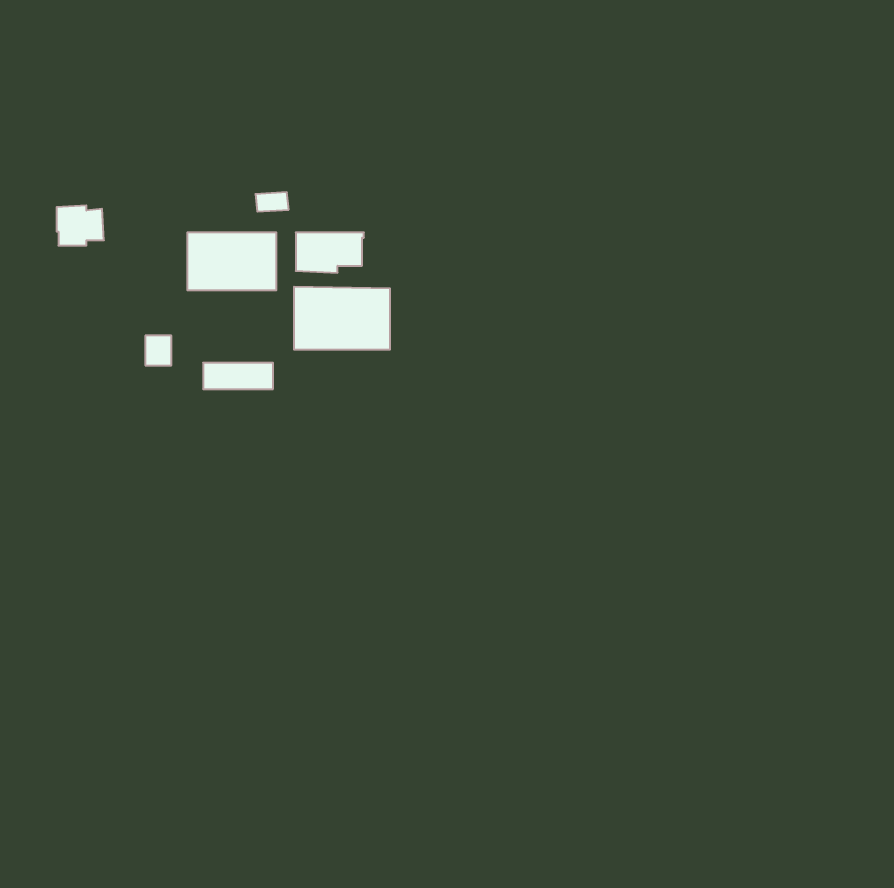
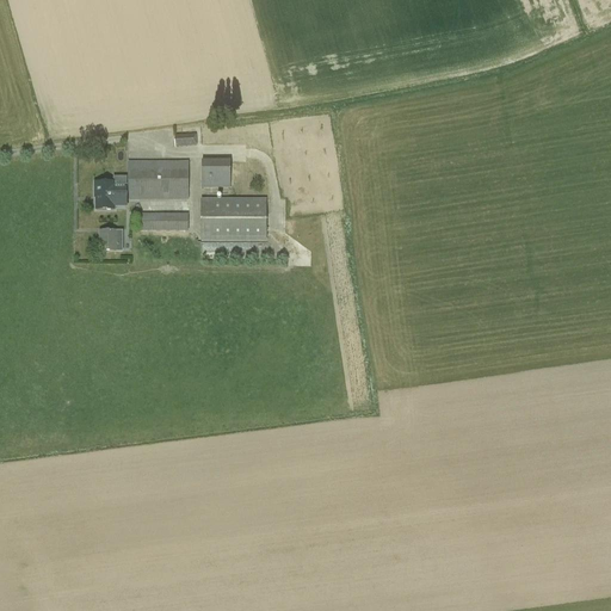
building: [57,205,104,246] -> [94,180,126,208]
building: [203,363,273,389] -> [140,211,187,229]

